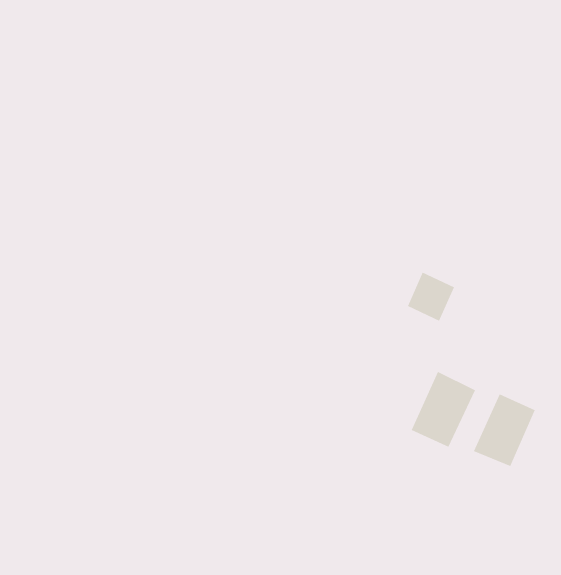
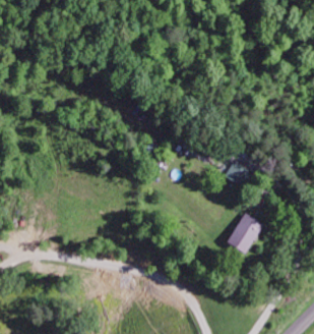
building: [473,394,535,467] -> none

